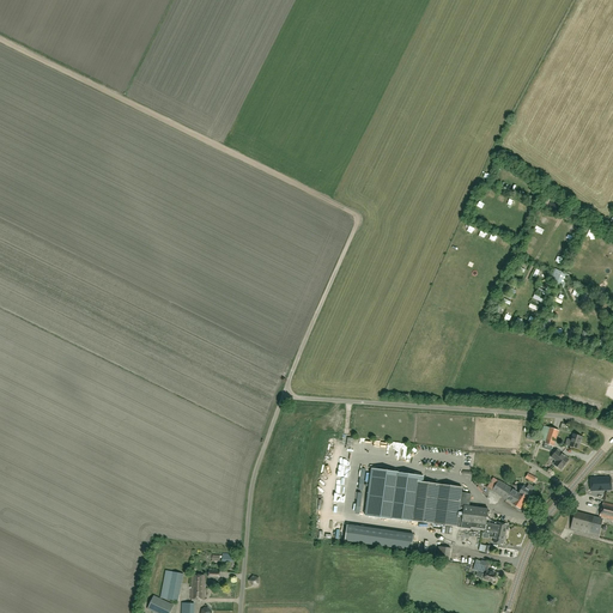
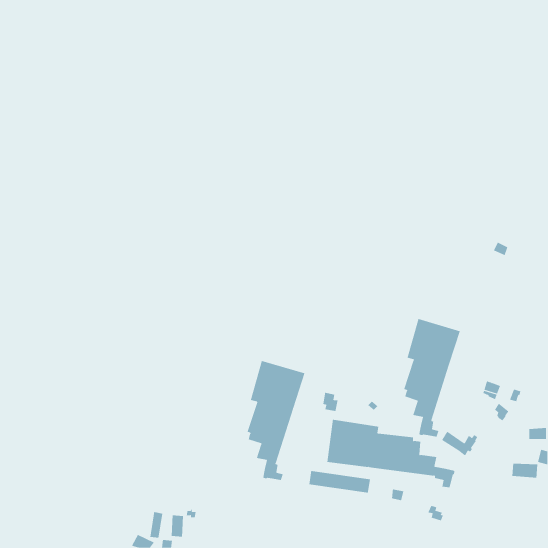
building: none -> [404,318,460,438]
building: none -> [247,360,305,481]

